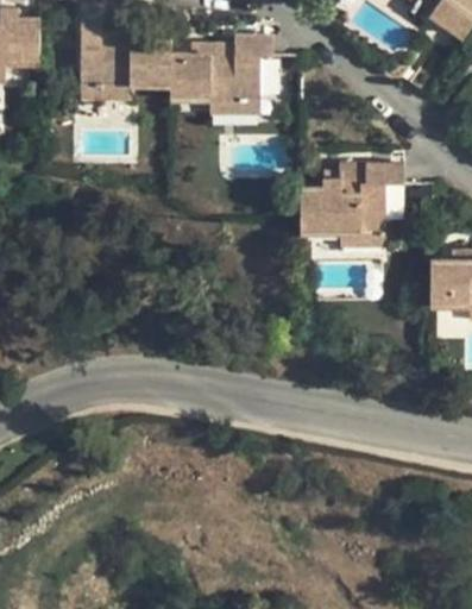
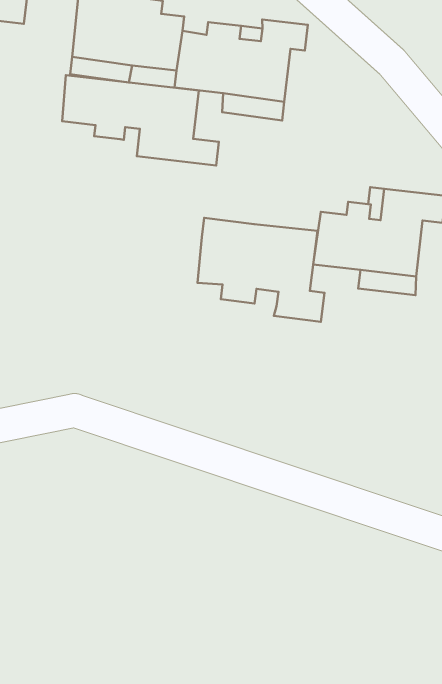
building: none -> [62,75,219,166]
building: none -> [197,218,325,322]

